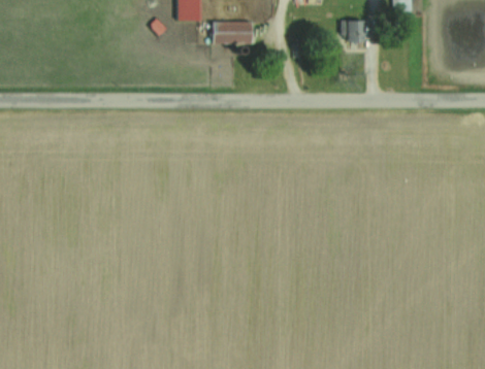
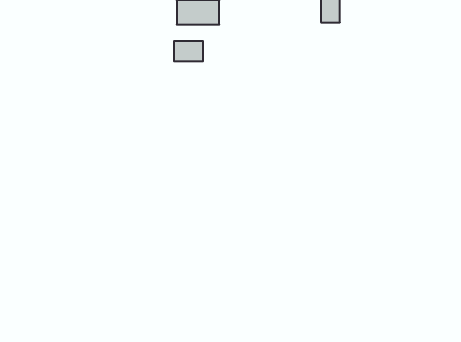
building: none -> [174,41,203,61]

